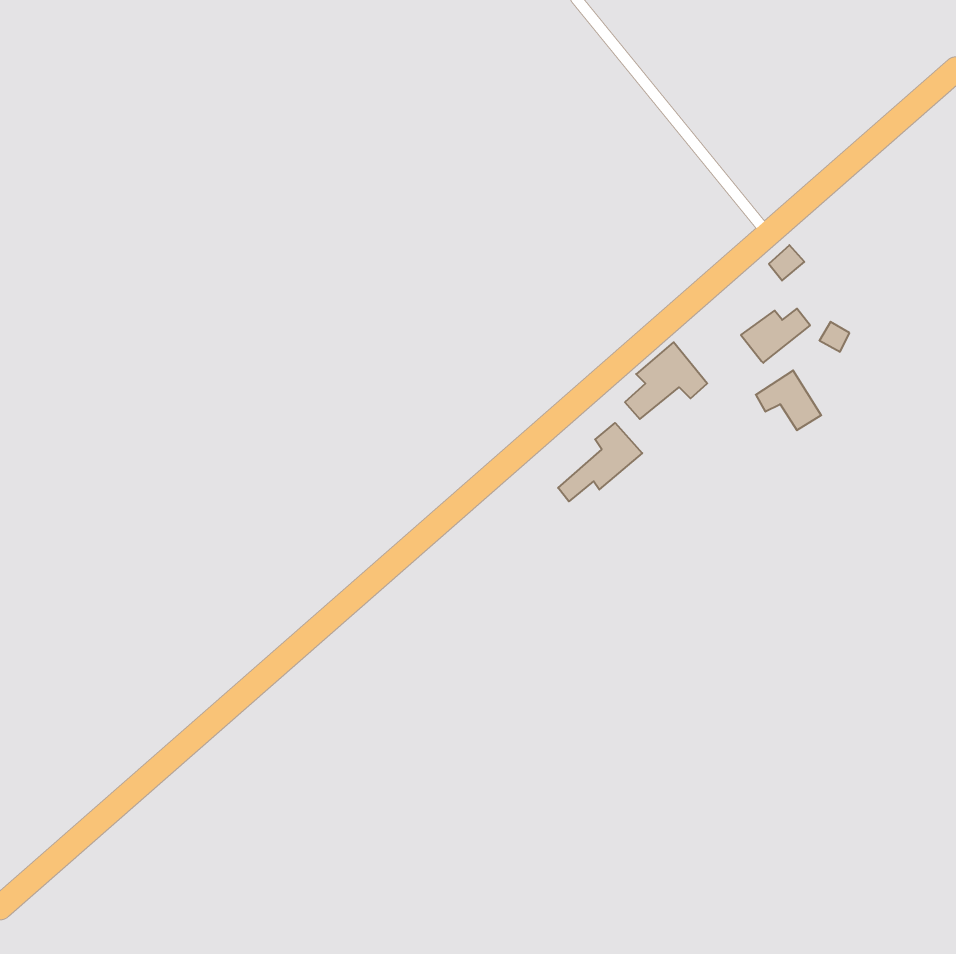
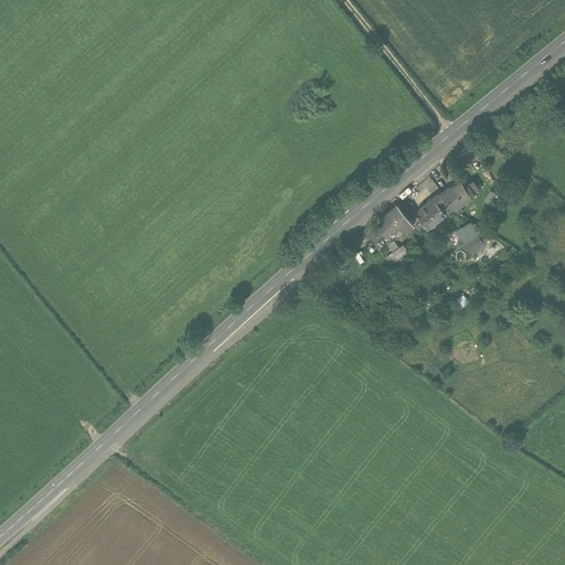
building: none -> [416,198,449,230]
building: [558,423,642,501] -> none

